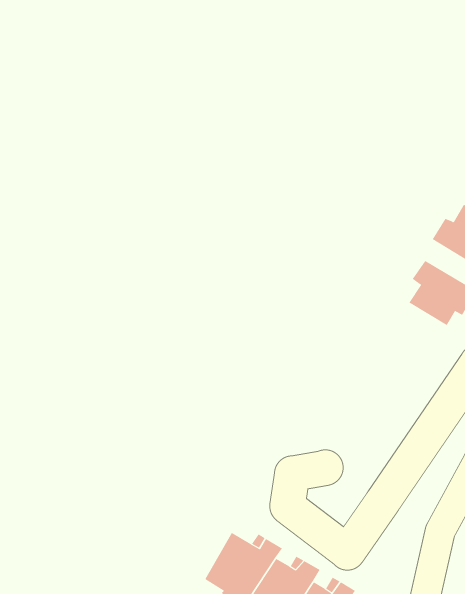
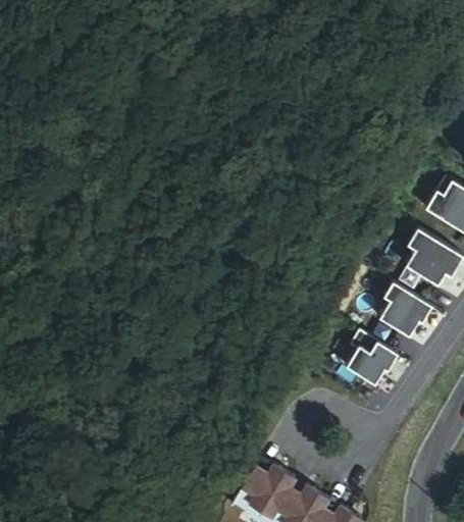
building: none -> [380,282,433,336]
building: none -> [347,330,399,384]

